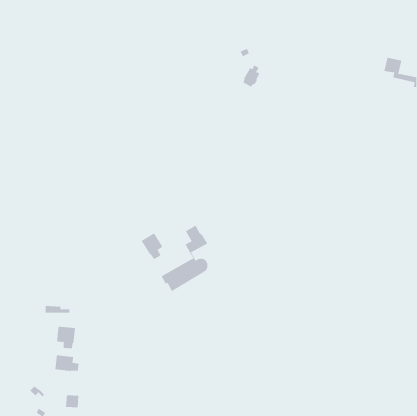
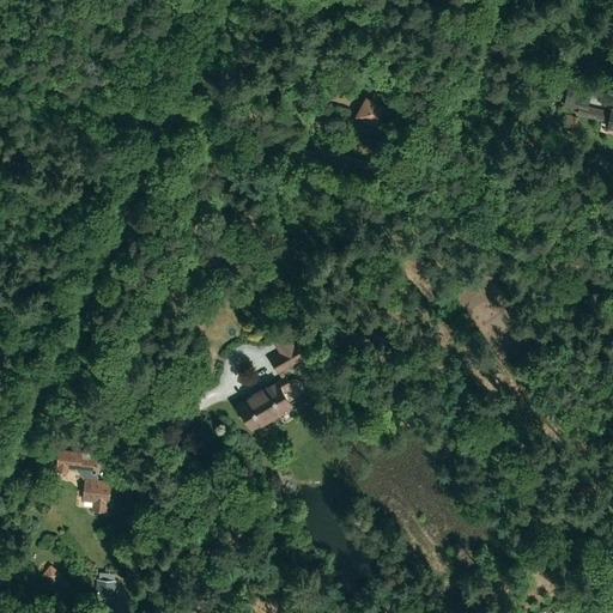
building: [141,232,163,260] -> none
building: [55,355,79,372] -> none

